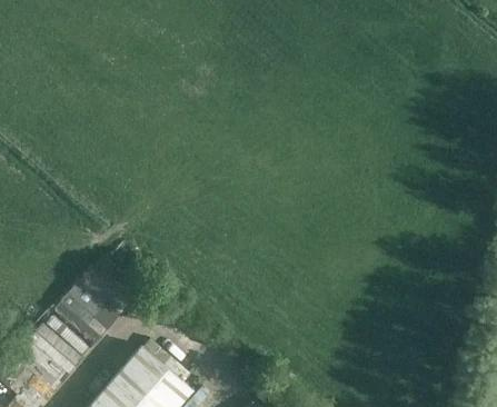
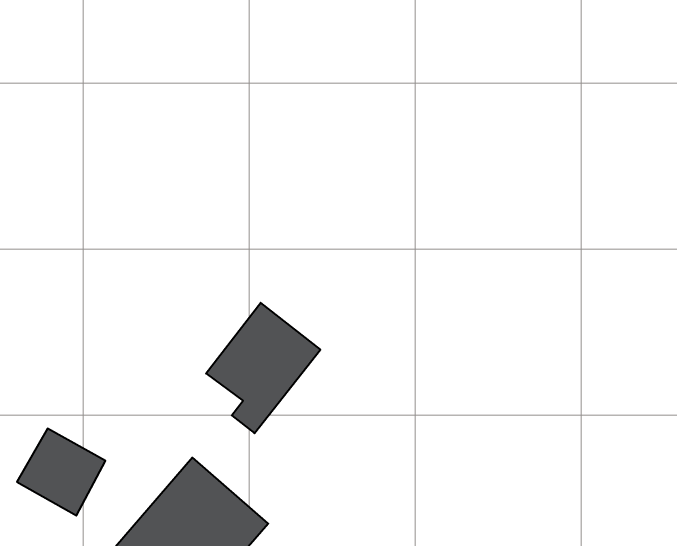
building: [56,260,135,350] -> [206,303,320,433]

